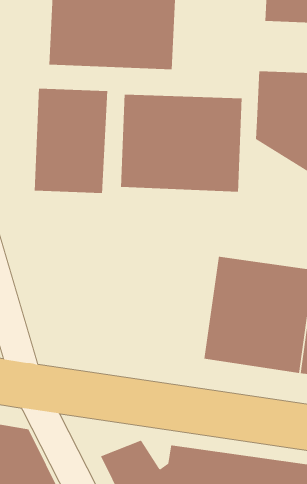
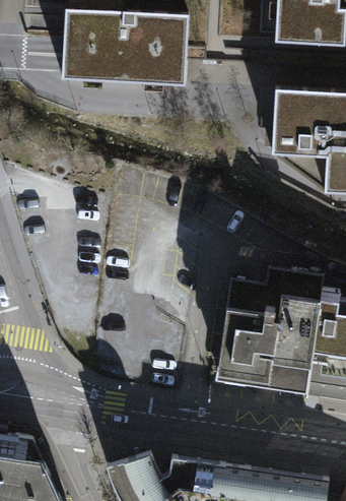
building: [34,88,108,194] -> none
building: [121,94,242,192] -> none

